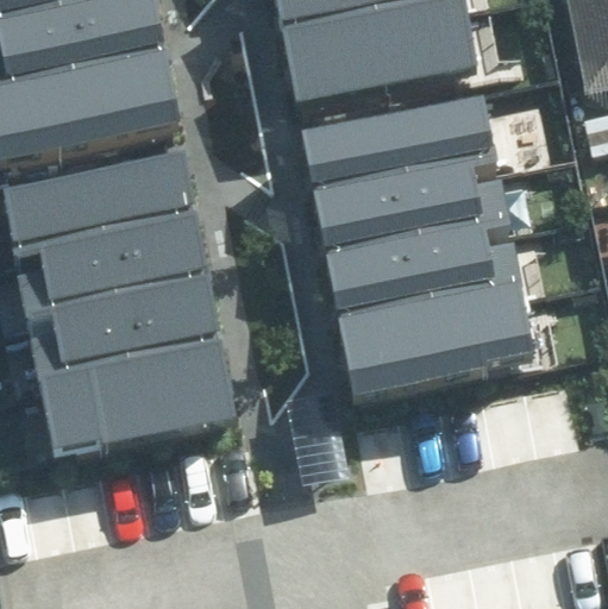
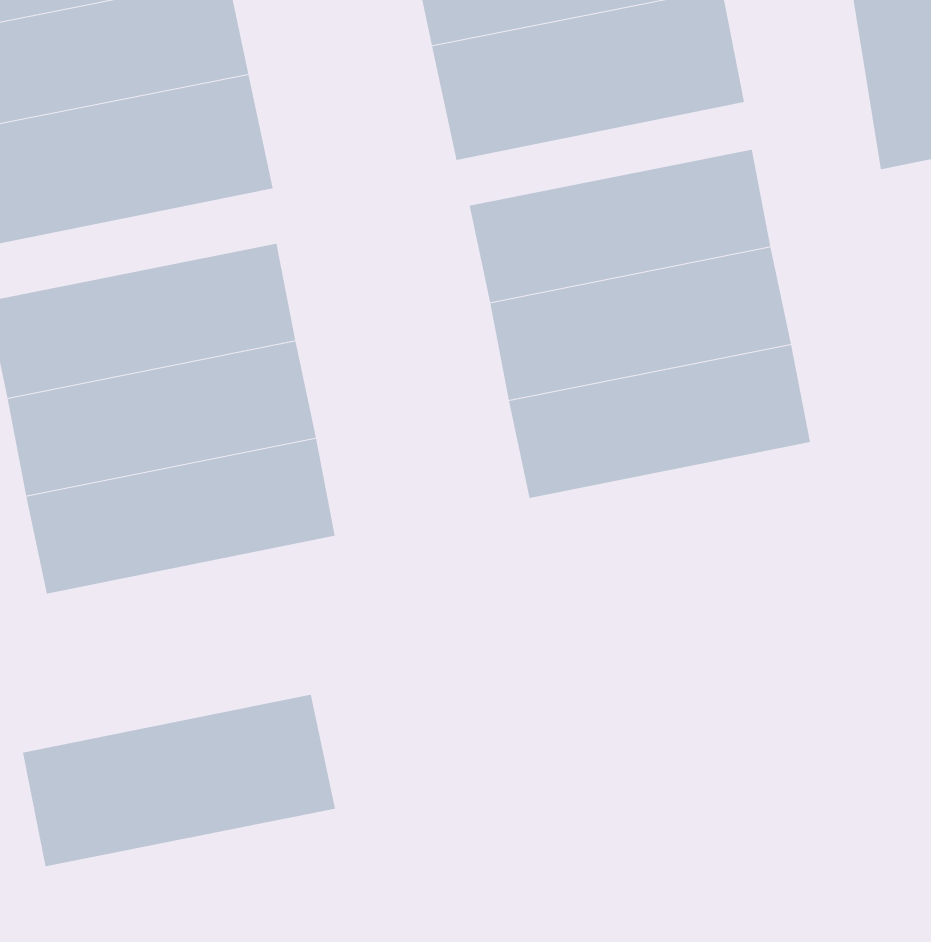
building: [343,281,537,389] -> none
building: [37,340,236,450] -> [22,694,336,867]

